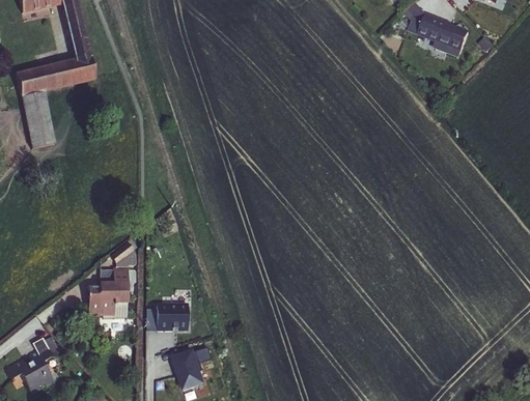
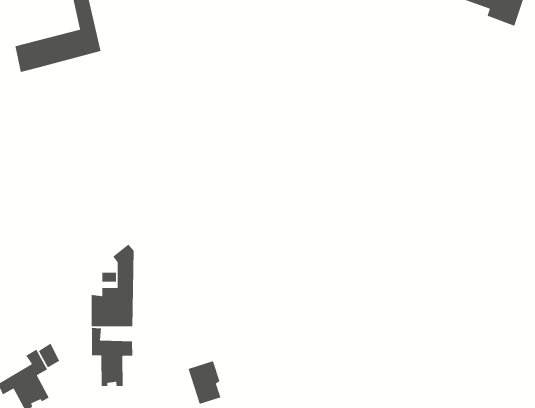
building: [25,91,56,150] -> none
building: [155,302,187,326] -> none
building: none -> [91,327,133,387]

